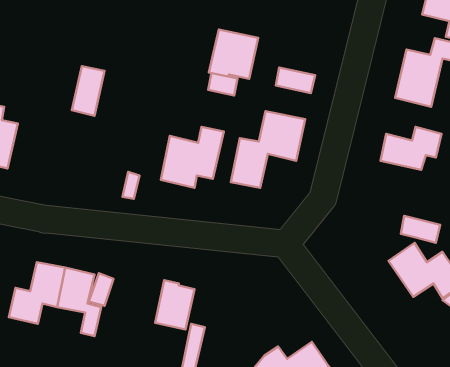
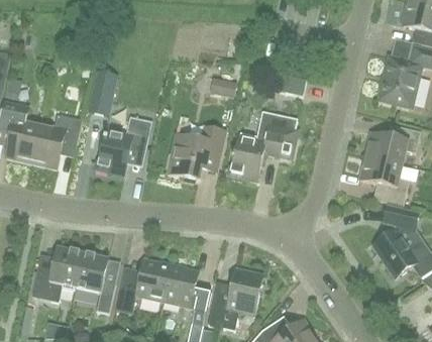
building: [209,29,258,79] -> none
building: none -> [31,113,83,168]
building: none -> [98,115,152,174]
building: none -> [359,155,409,206]
building: none -> [116,258,172,313]
building: none -> [208,268,263,330]

